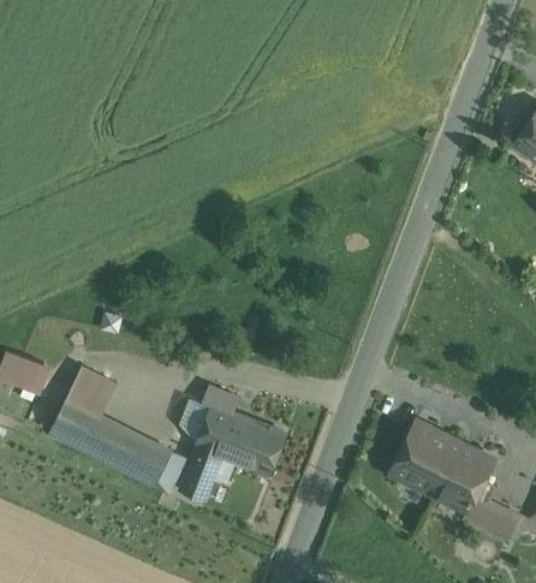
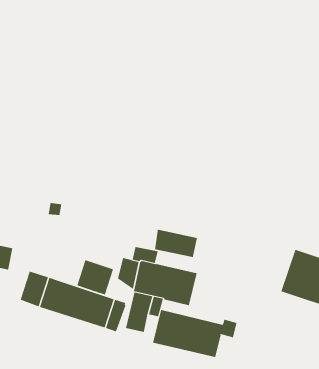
building: [66,365,118,416] -> [77,260,114,295]
building: none -> [154,229,197,258]
building: none -> [153,309,237,358]

